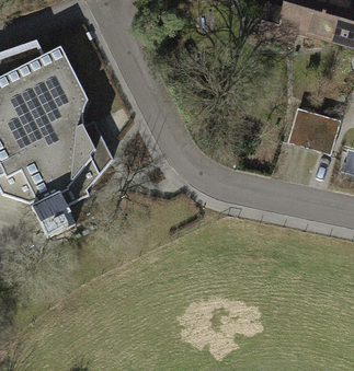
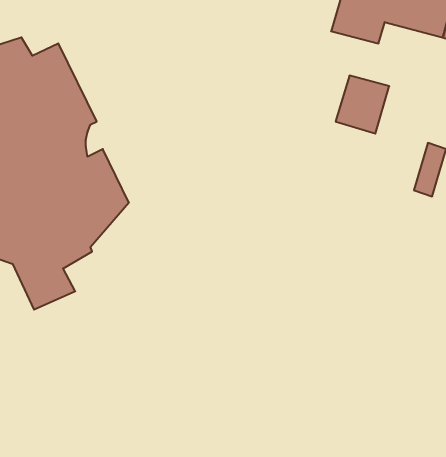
building: [287,108,326,150] -> [336,76,389,134]

